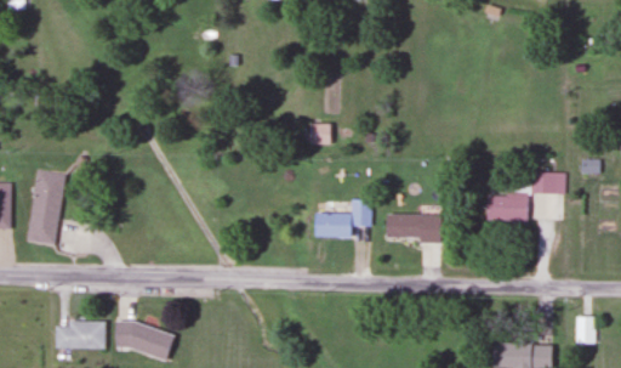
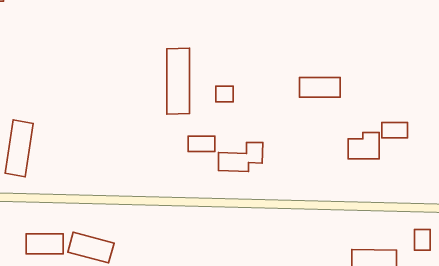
building: none -> [167,48,190,114]
building: none -> [188,136,215,152]
building: [386,214,440,240] -> [299,77,340,97]

